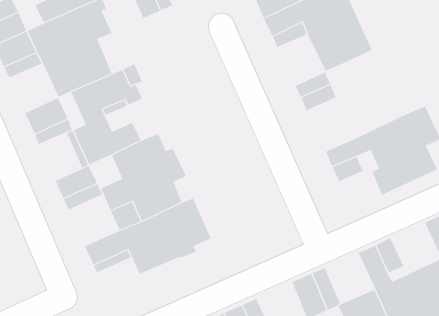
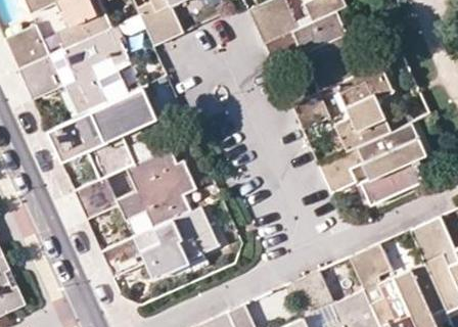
building: none -> [334,66,393,154]

